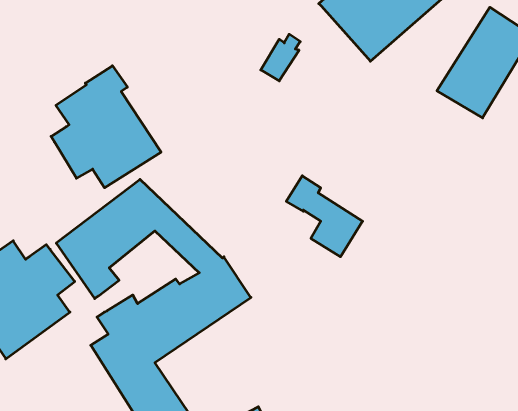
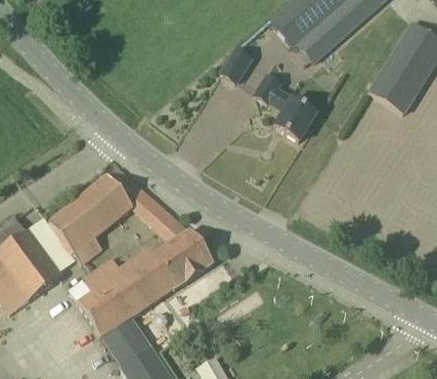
building: [51,66,161,188] -> none
building: [286,176,363,257] -> [254,74,317,141]

